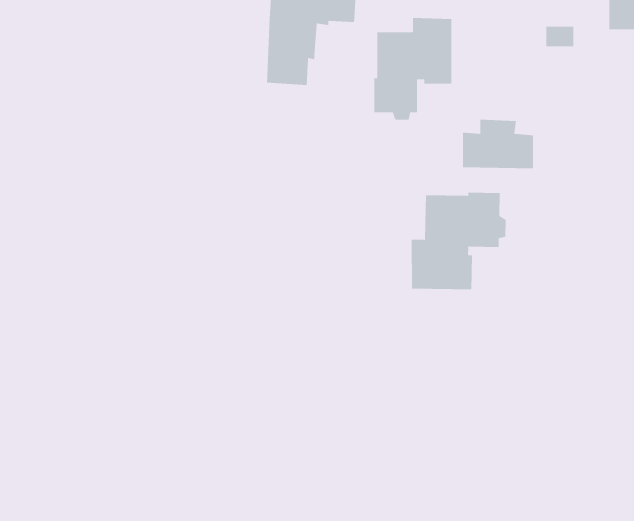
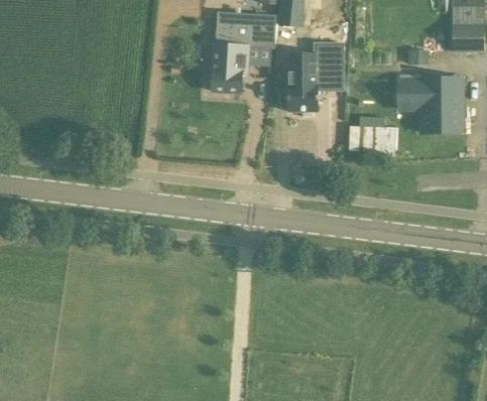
building: none -> [406,79,461,131]
building: [411,192,507,290] -> none

